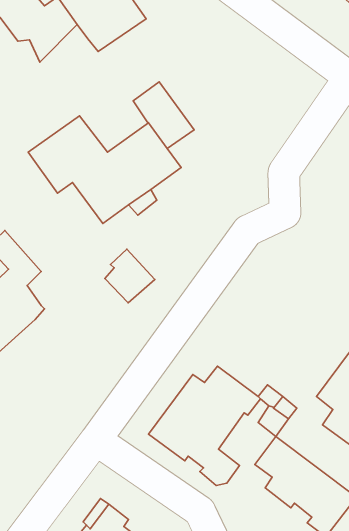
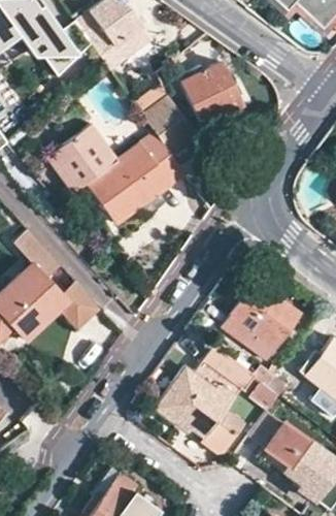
building: none -> [180,61,242,125]
building: [105,249,155,303] -> [57,281,101,328]
building: none -> [224,279,303,358]

